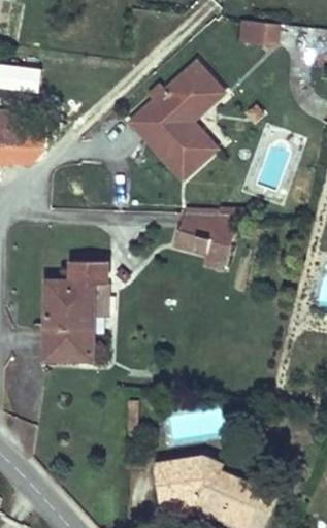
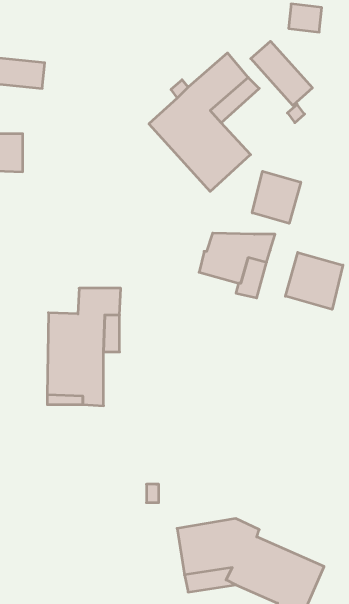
building: none -> [251,41,312,105]
building: none -> [252,171,301,223]
building: none -> [285,252,343,309]

